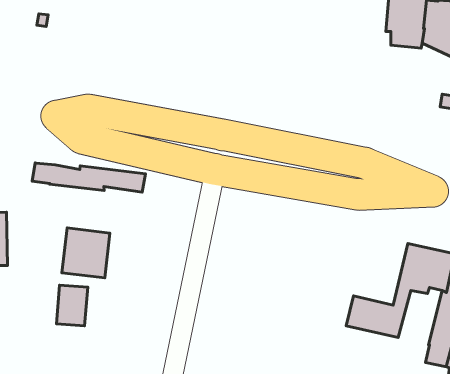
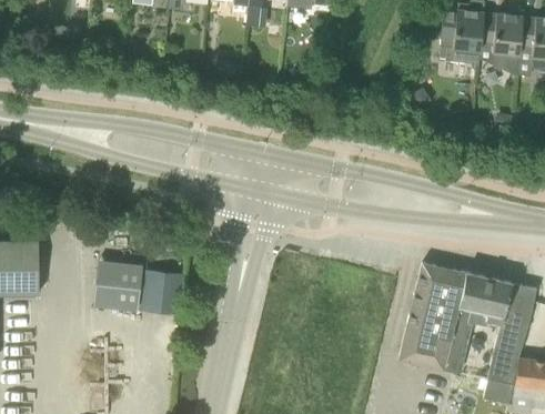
building: [32,163,145,192] -> none
building: none -> [406,264,464,340]
building: [56,285,88,326] -> [145,269,179,312]

